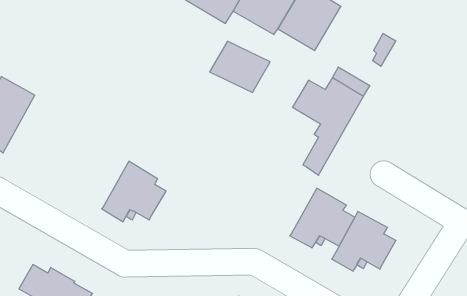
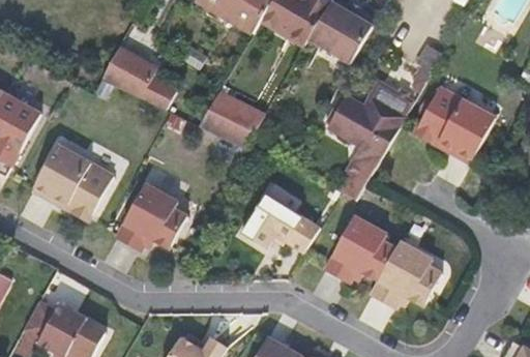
building: none -> [114,51,171,108]
building: [210,41,270,92] -> [198,91,265,148]
building: none -> [414,85,496,162]
building: none -> [31,144,113,221]
building: none -> [242,192,321,252]

